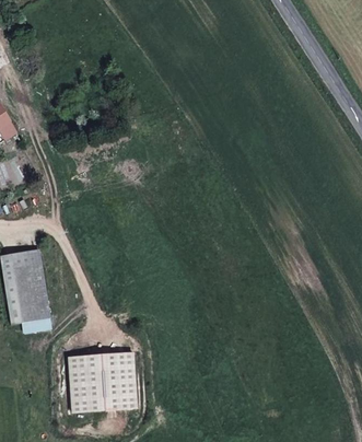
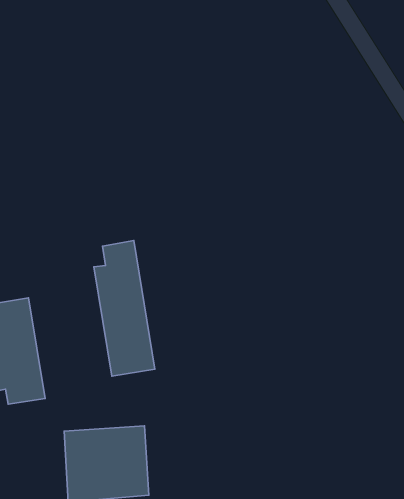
building: none -> [94,241,155,376]

